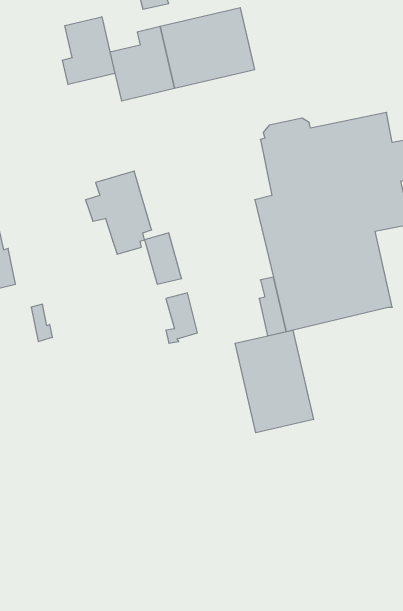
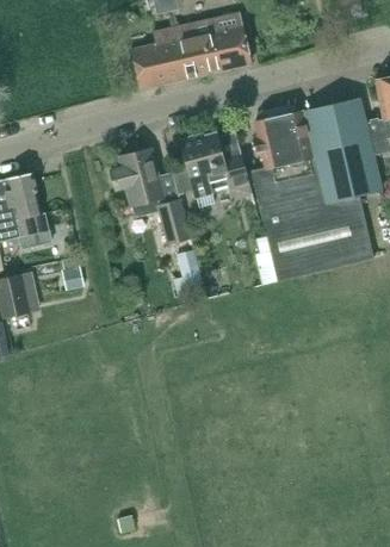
building: [63,17,115,85] -> none
building: none -> [172,132,250,206]
building: [235,330,313,433] -> none

